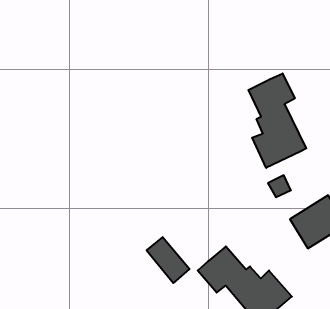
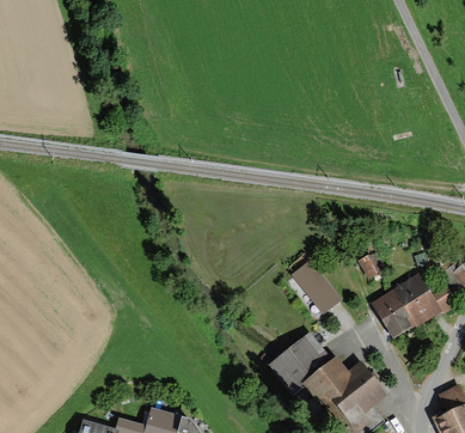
building: [248,73,306,168] -> none
building: [147,237,190,283] -> [288,261,339,316]

